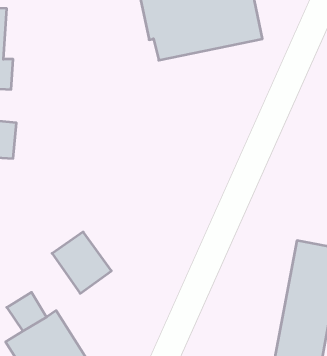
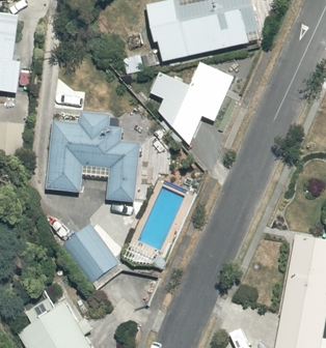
building: none -> [150,60,235,144]
building: none -> [47,110,139,200]

